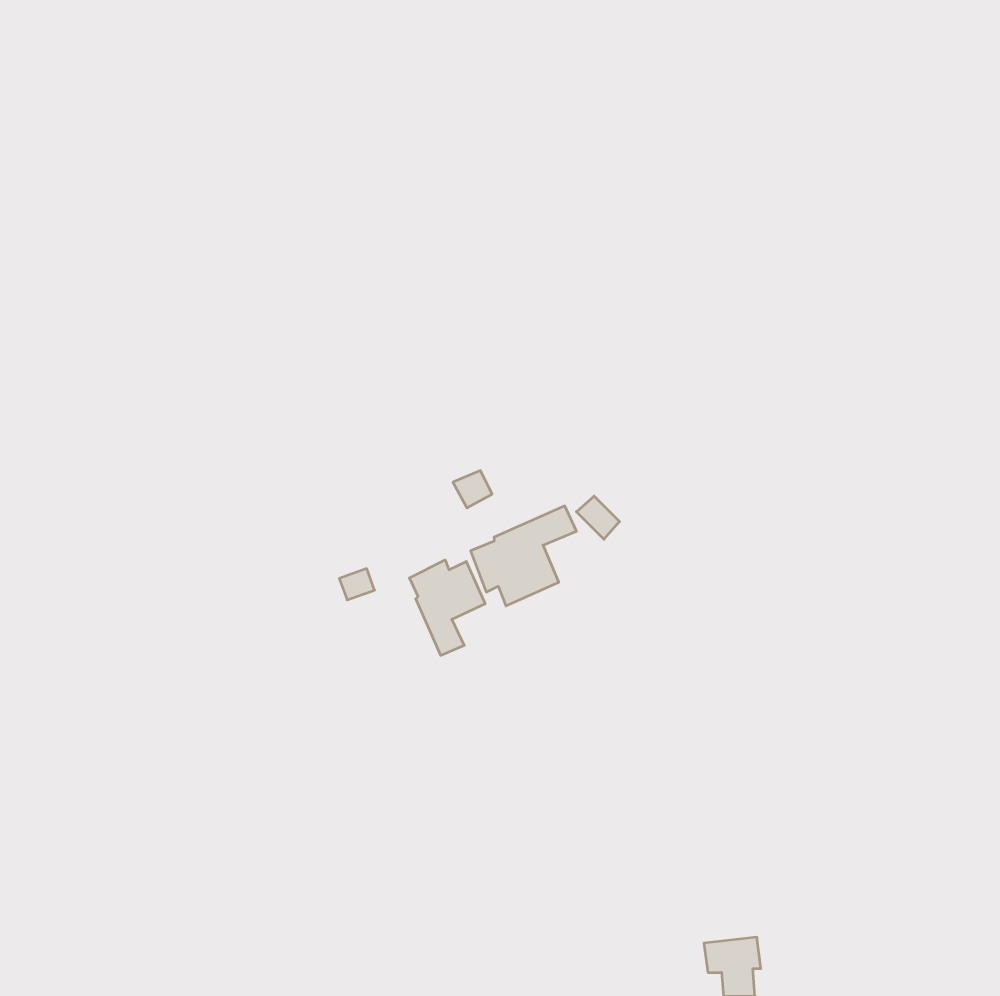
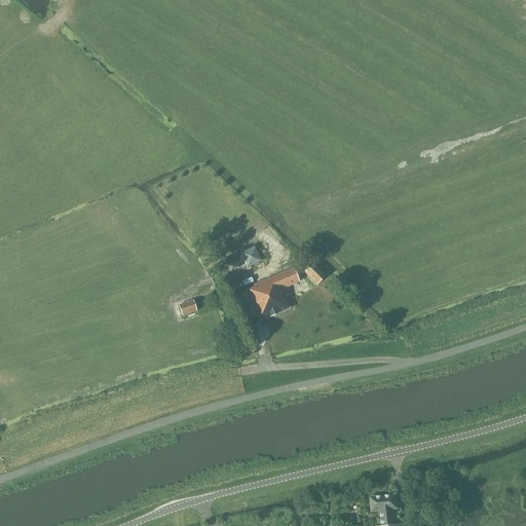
building: [409,560,485,655] -> none

